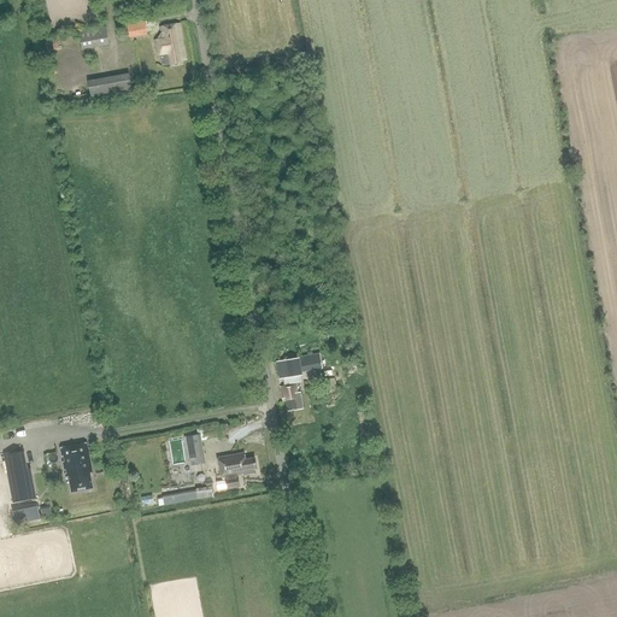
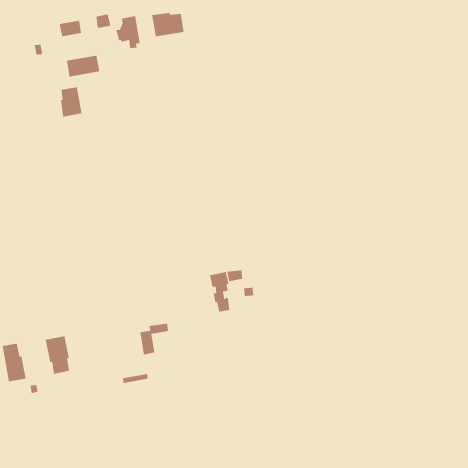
building: none -> [151,12,184,37]
building: none -> [60,86,82,118]
building: [217,452,255,488] -> none

